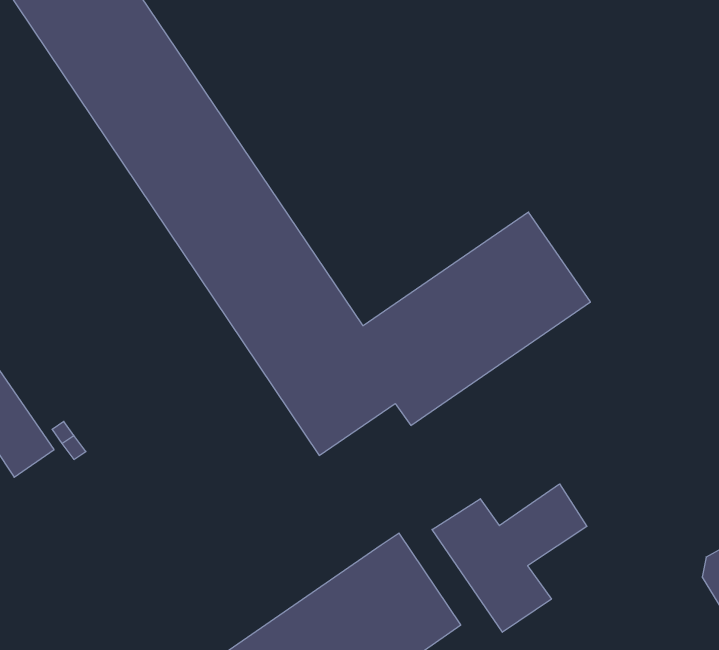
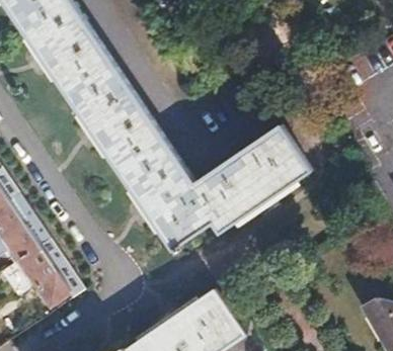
building: none -> [17,247,68,305]
building: [432,484,587,632] -> none

